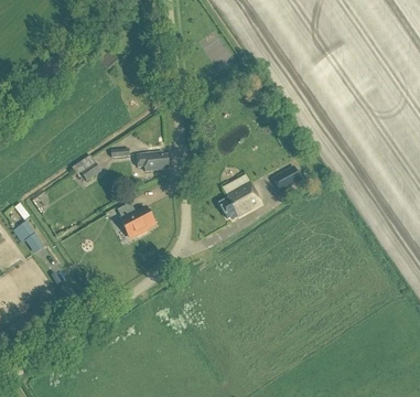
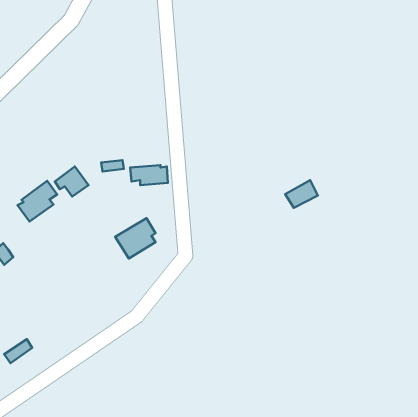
building: none -> [18,181,57,221]
building: [218,183,260,219] -> none

